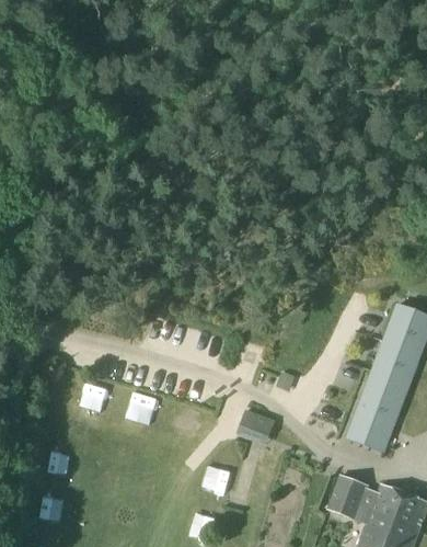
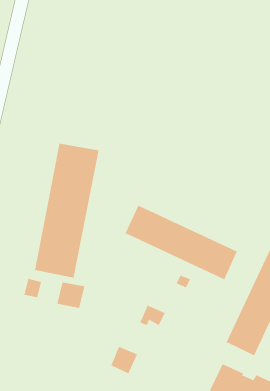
building: none -> [35,143,99,278]
building: none -> [125,205,238,280]

